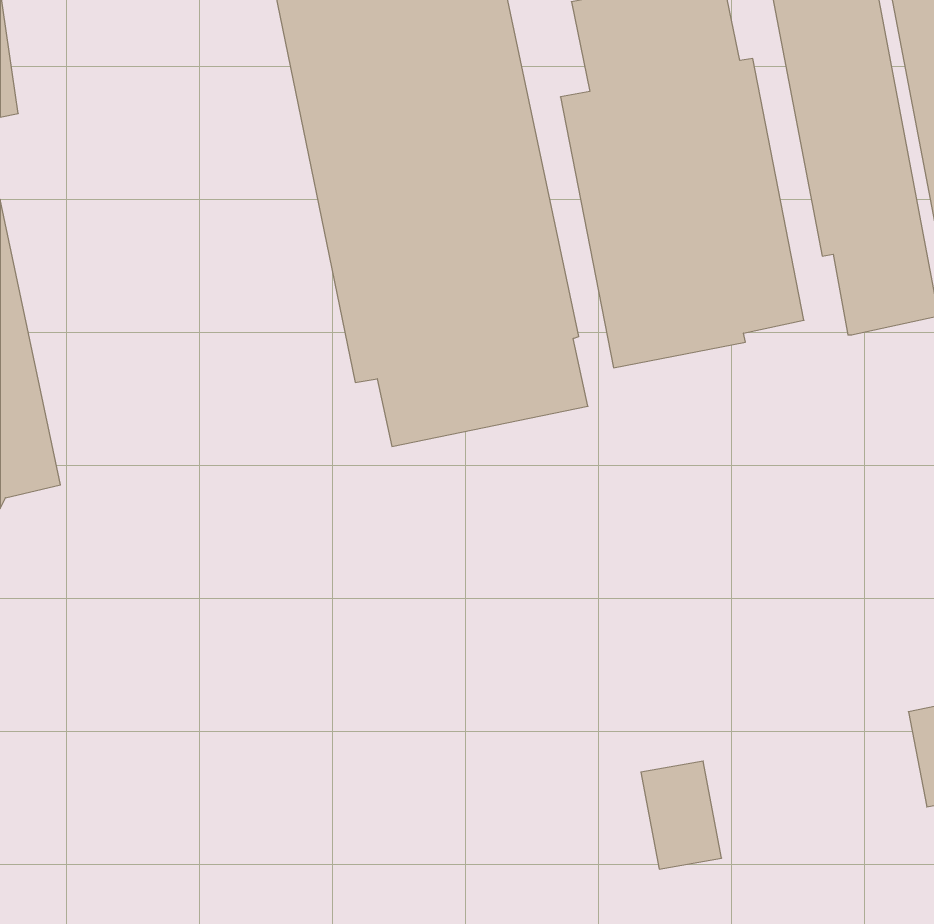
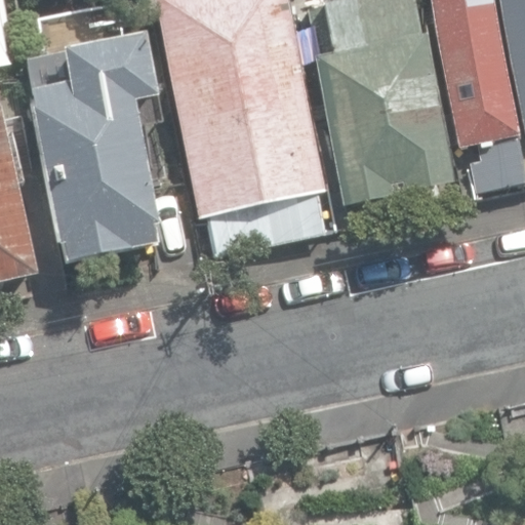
building: none -> [32,34,157,258]

